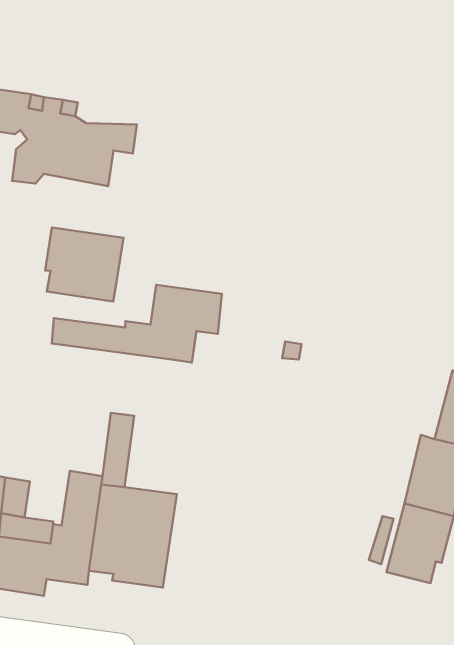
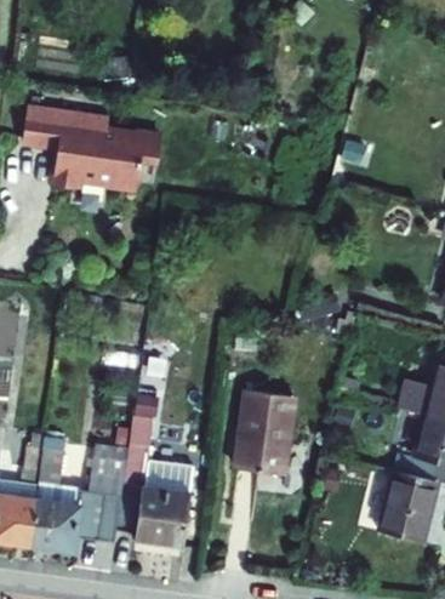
building: [45,228,123,301] -> none
building: [52,285,222,362] -> none
building: none -> [232,392,293,477]

